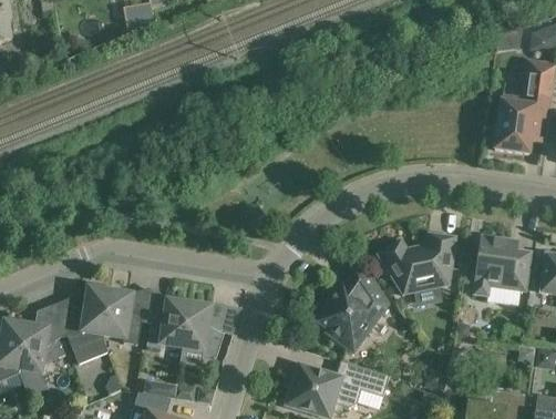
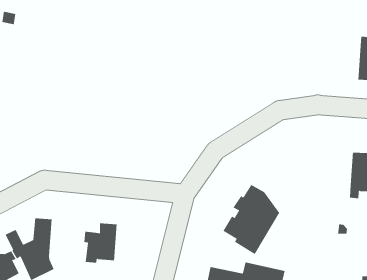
building: [377,232,455,294] -> none
building: [103,290,147,345] -> none
building: [182,303,239,357] -> none

